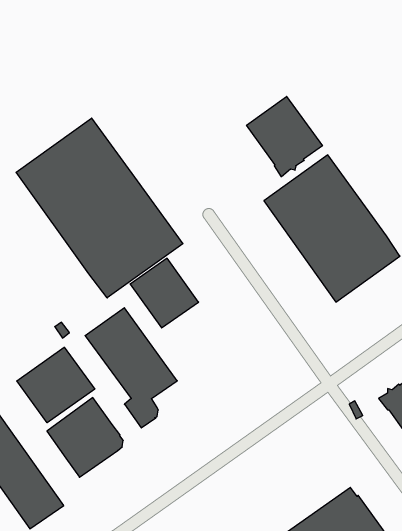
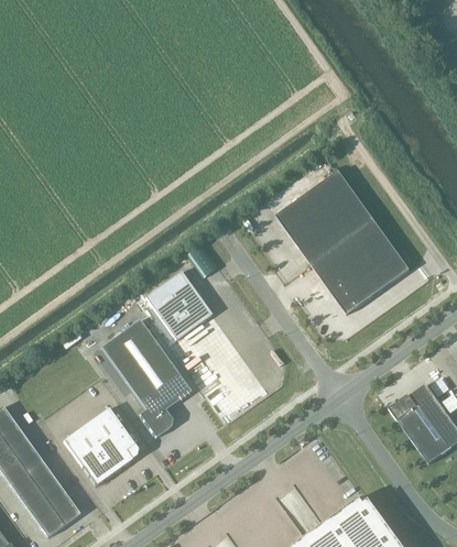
building: [247,96,322,177] -> none
building: [16,118,183,298] -> none
building: [17,347,95,423] -> none

